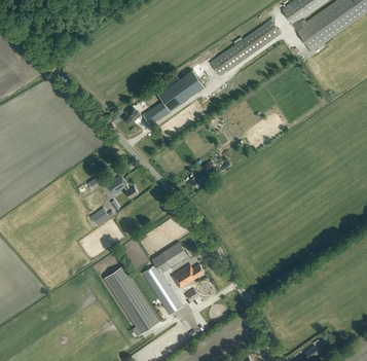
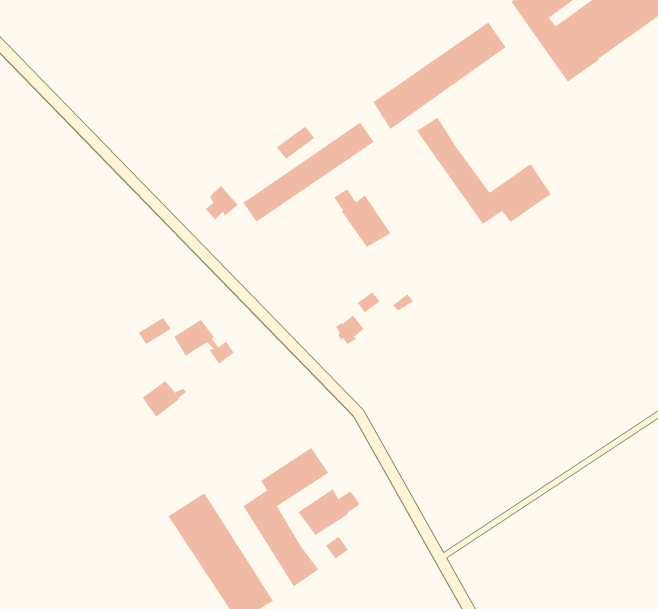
building: none -> [416,117,551,225]
building: none -> [333,188,391,248]

